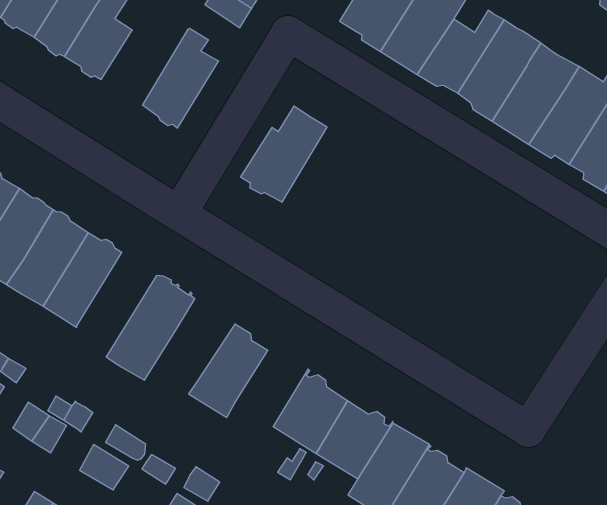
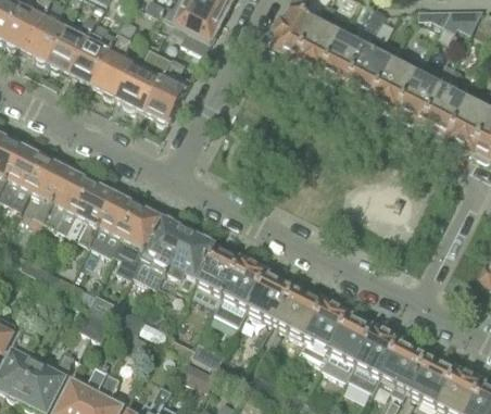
building: [241,106,327,202] -> [116,47,169,110]
building: none -> [114,206,163,279]
building: none -> [161,231,216,297]
building: none -> [213,260,266,326]

